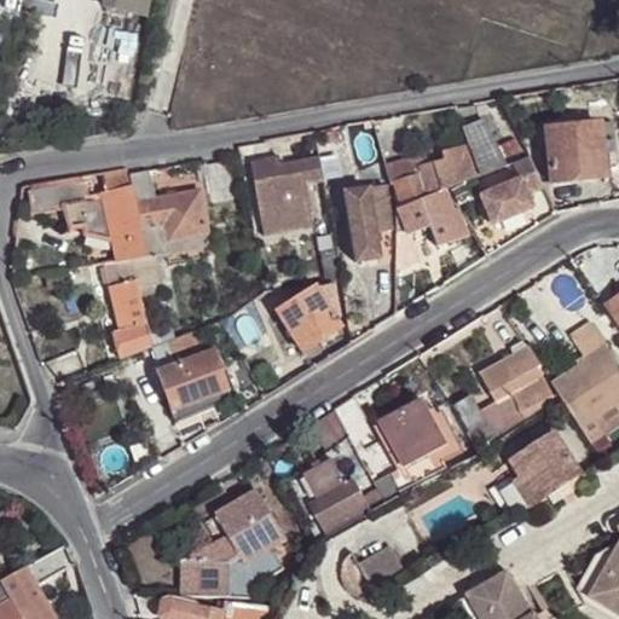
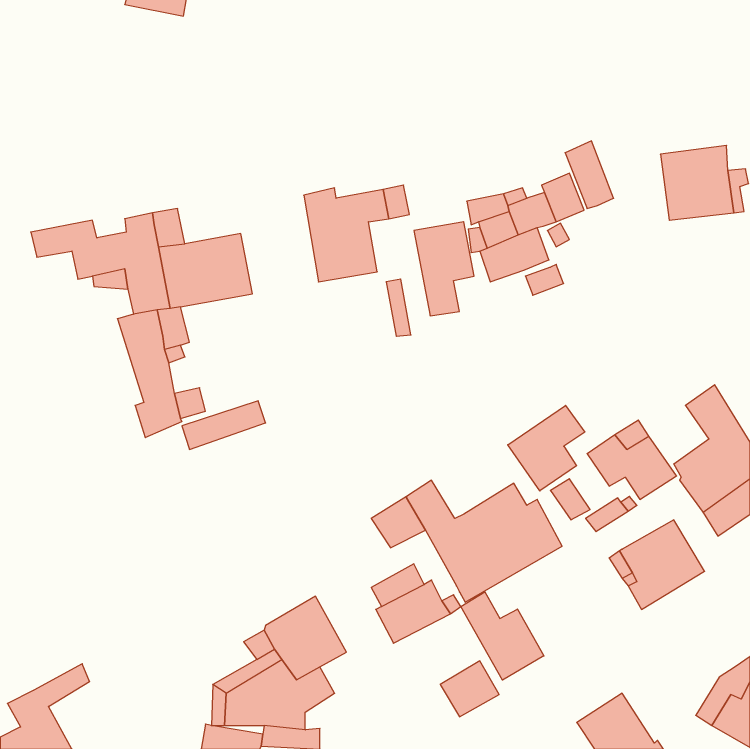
building: [478,156,542,225] -> none
building: [279,284,340,349] -> none
building: none -> [508,405,585,491]
building: [156,348,233,412] -> none
building: none -> [461,592,544,680]

